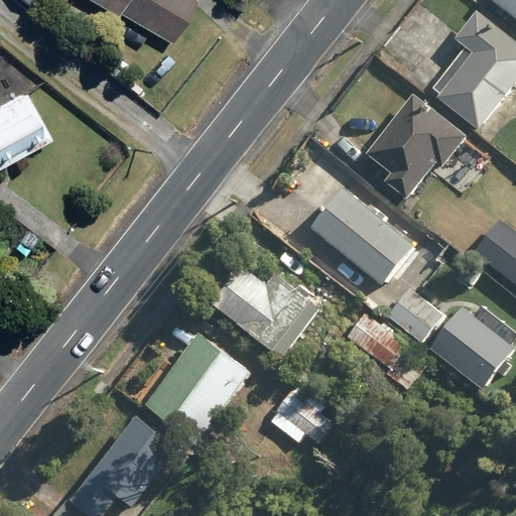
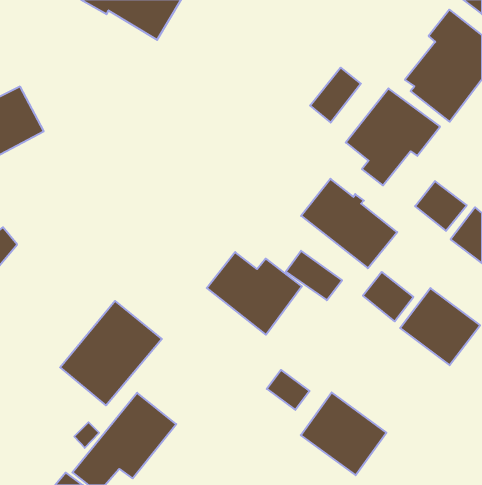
building: none -> [310,68,361,123]
building: none -> [415,181,467,231]
building: [343,314,402,367] -> [286,251,342,300]
building: [153,334,261,444] -> [60,301,162,405]
building: none -> [301,392,386,475]

